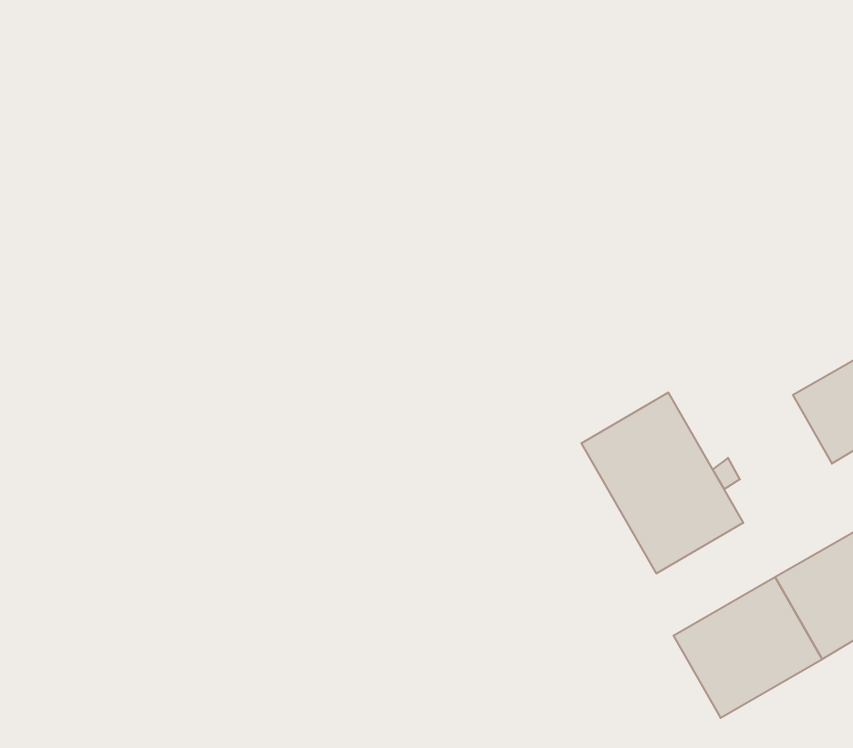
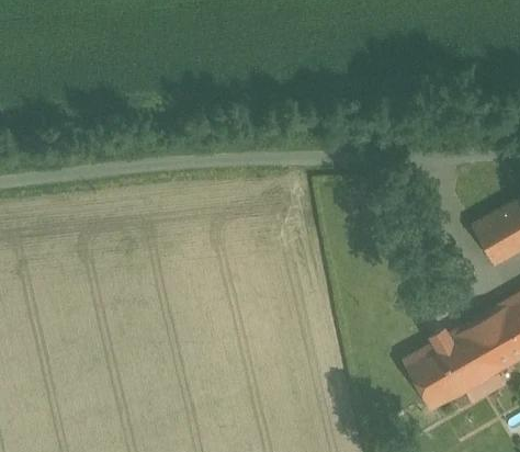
building: [581,392,743,574] -> none

